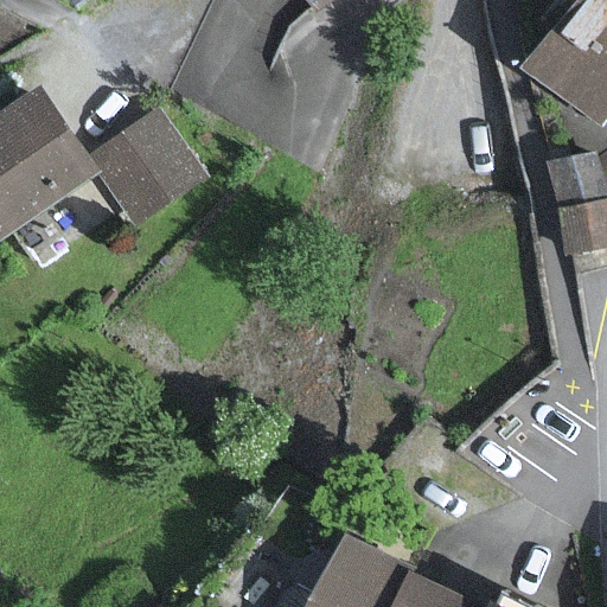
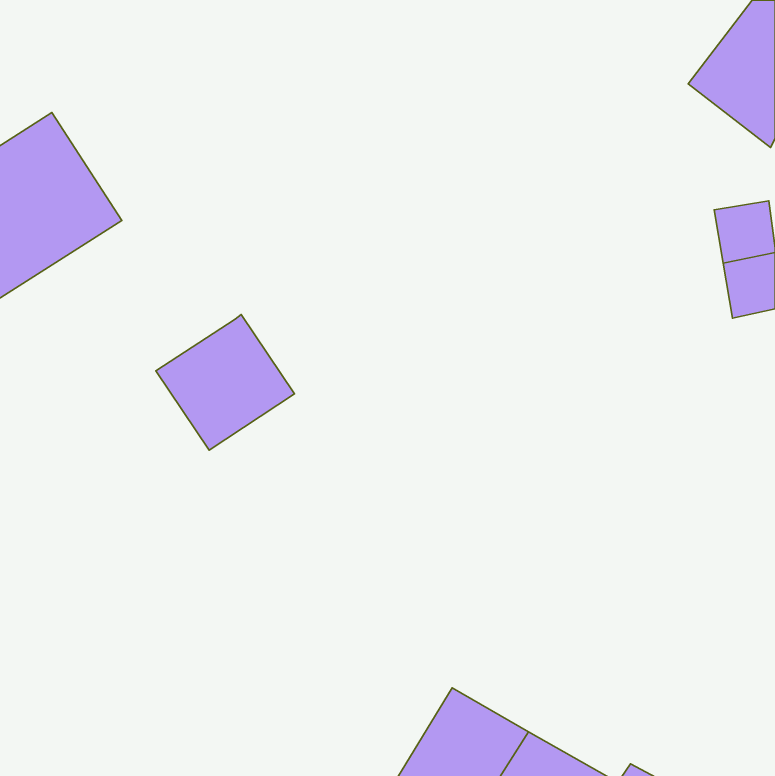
building: [95,111,203,217] -> [156,315,294,450]

